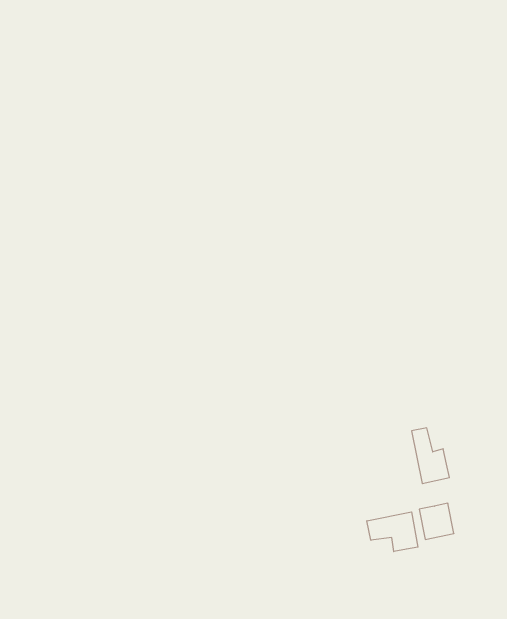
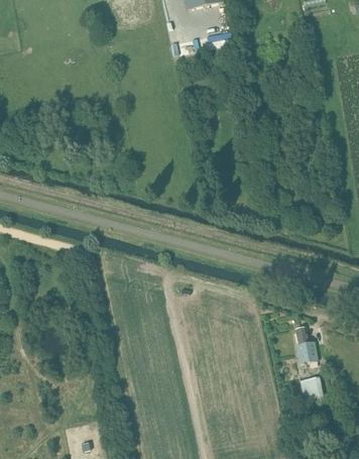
building: [367,512,418,552] -> none

